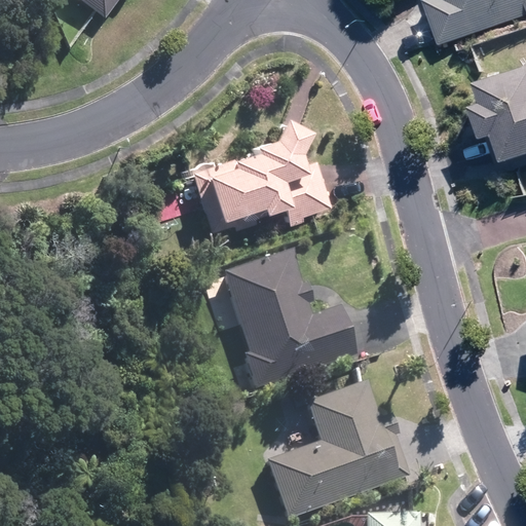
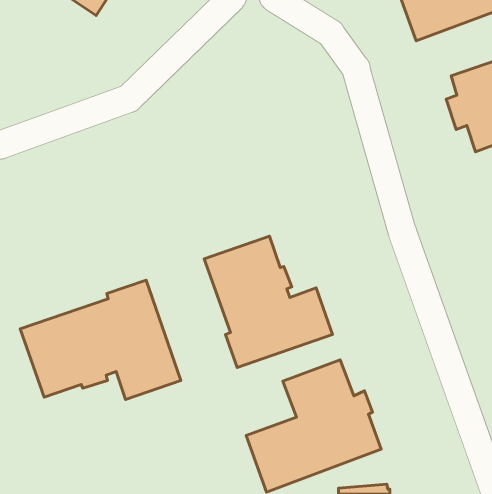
building: [189,117,331,230] -> none
building: none -> [20,280,181,400]

